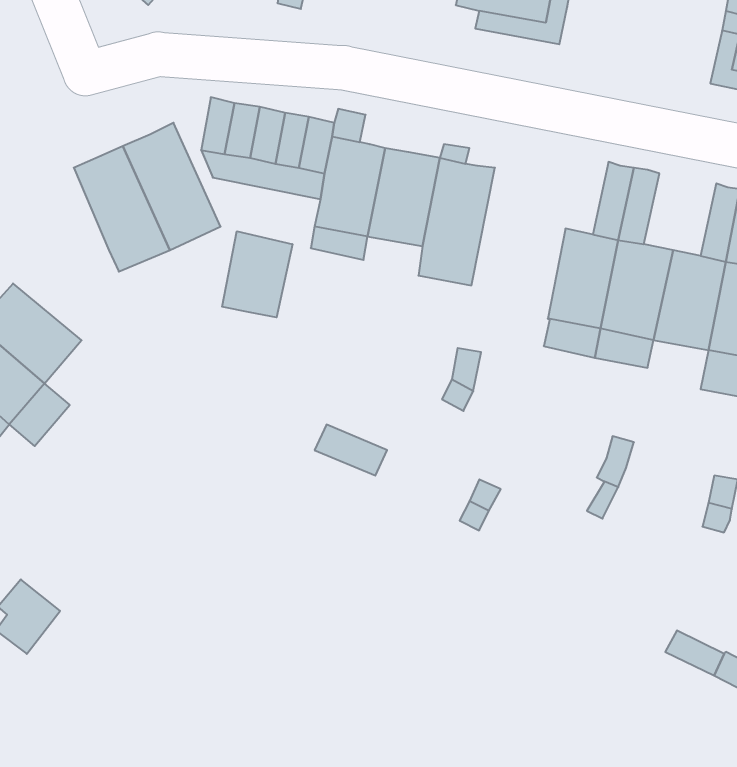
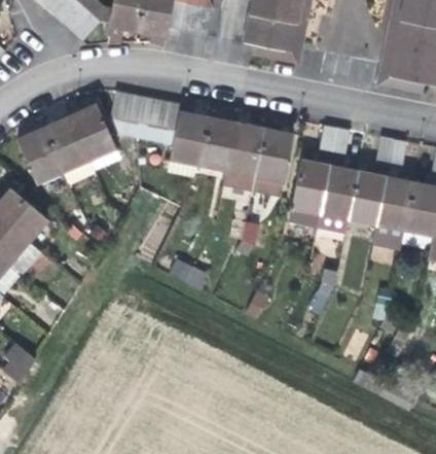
building: none -> [16,127,62,182]
building: none -> [252,127,293,195]
building: [222,231,292,317] -> none

